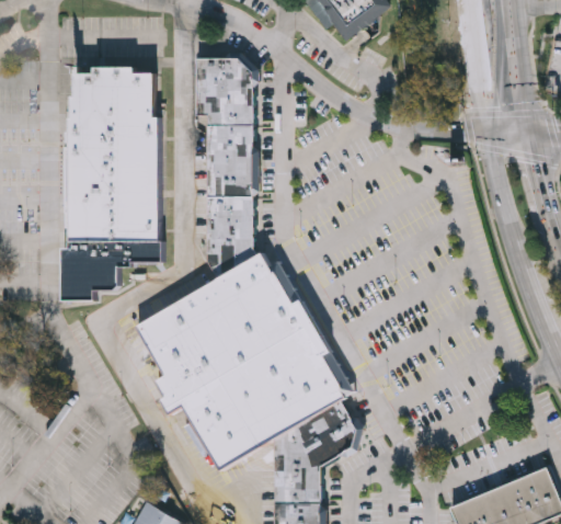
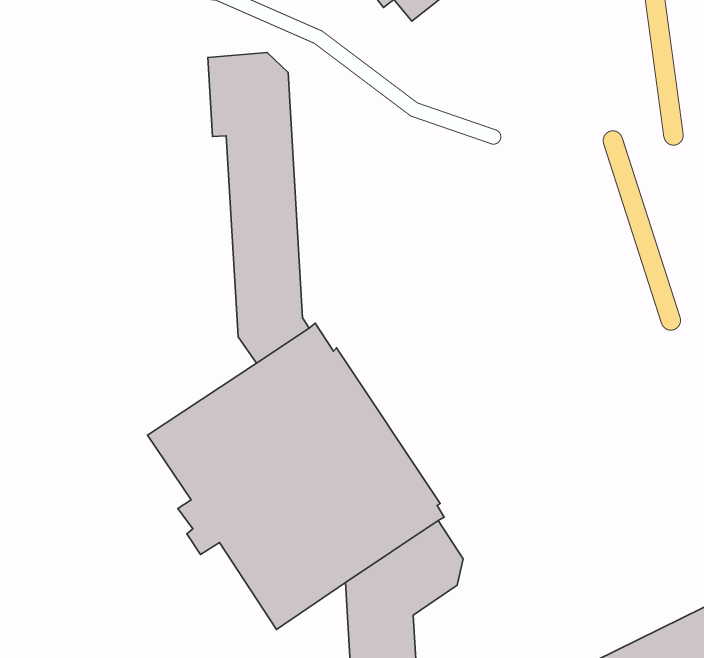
building: [65,66,163,299] -> none

